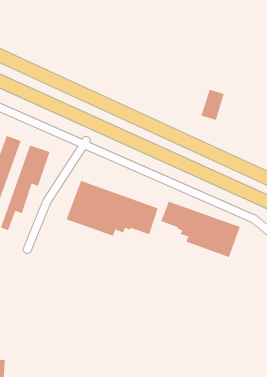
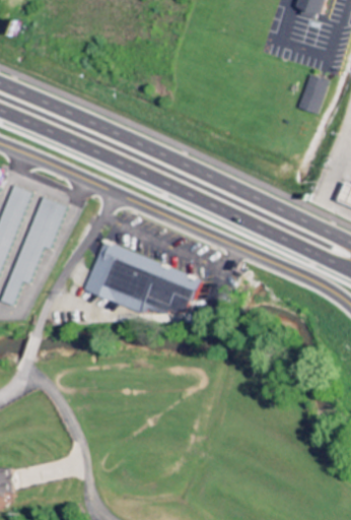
building: [200,89,225,121] -> [296,73,327,113]
building: [161,201,240,258] -> none

